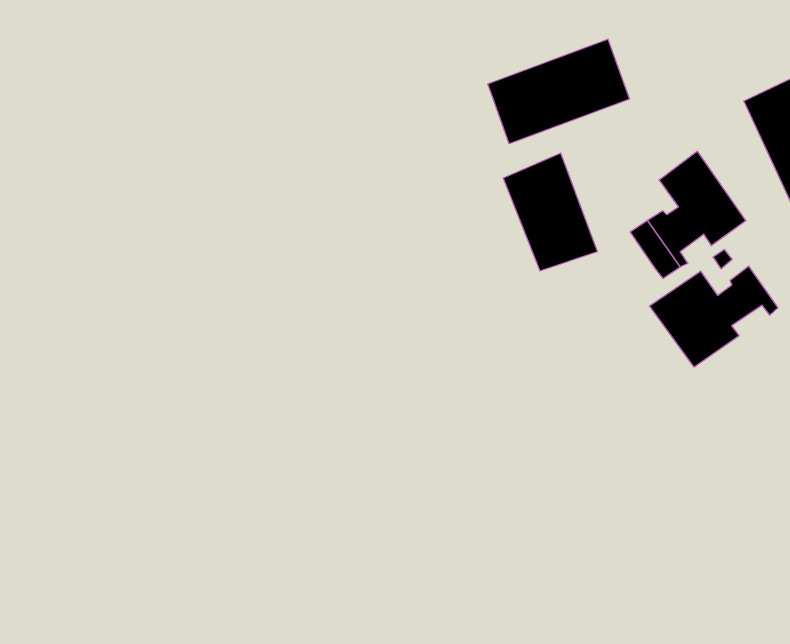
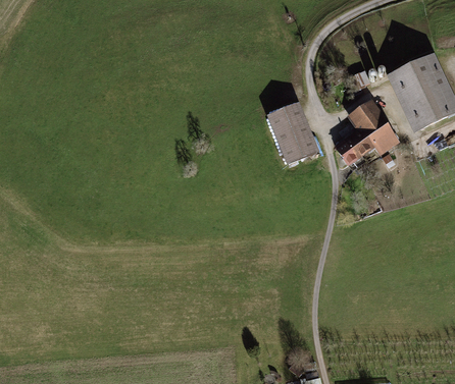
building: [488,39,629,144] -> none
building: [650,266,778,367] -> none

